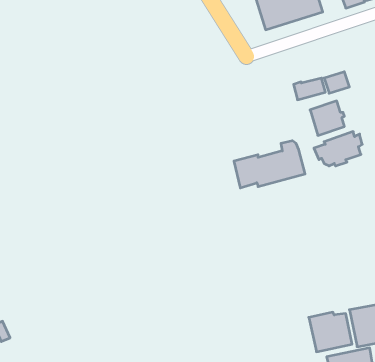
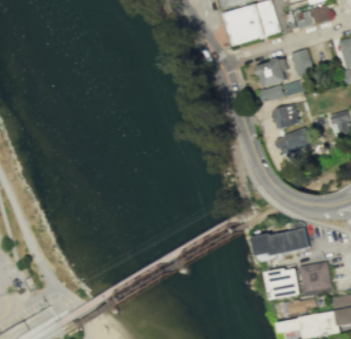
building: none -> [289,47,314,79]
building: none -> [255,56,288,86]
building: [234,141,305,188] -> [255,221,311,258]

